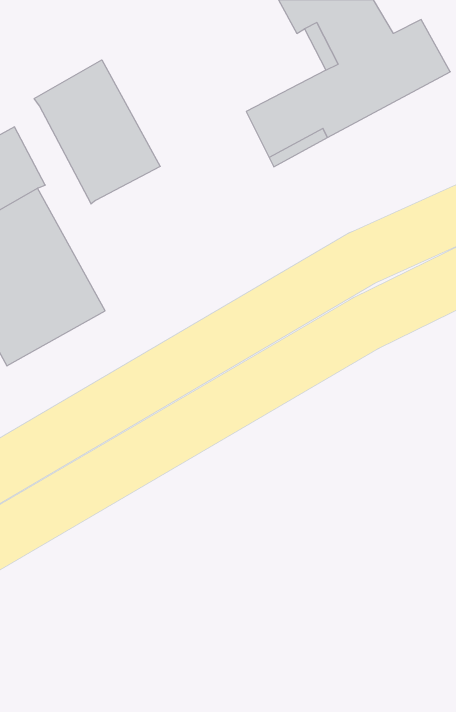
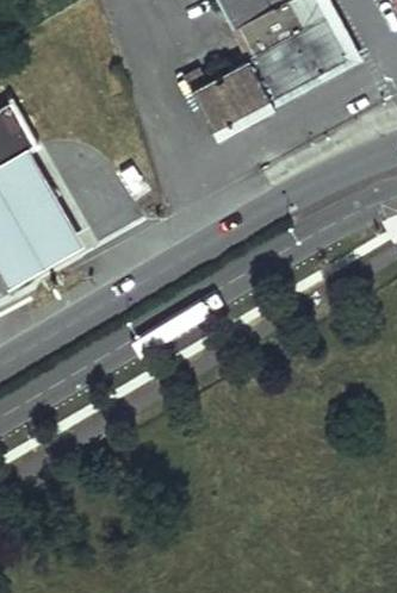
building: [34,60,160,204] -> none

